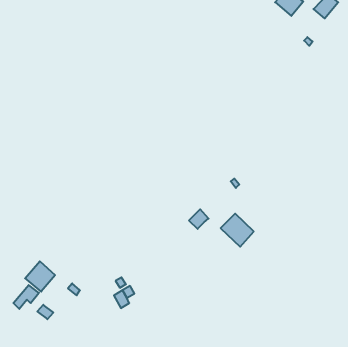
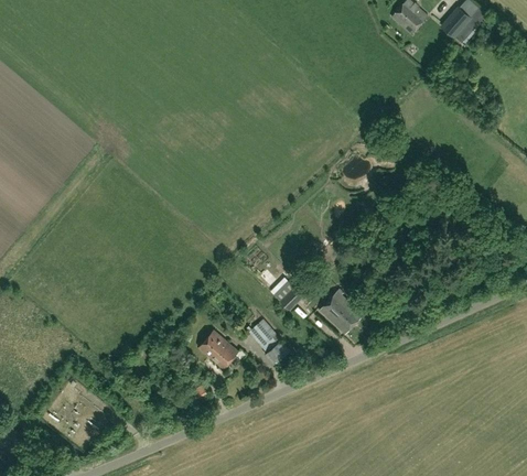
building: none -> [249,320,290,365]
building: none -> [198,331,238,369]
building: [25,261,55,292] -> none

